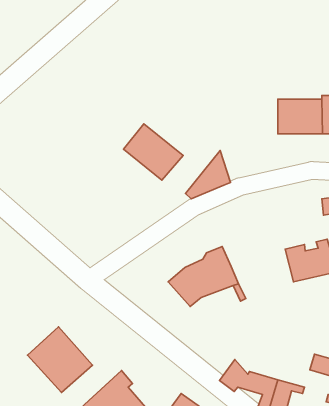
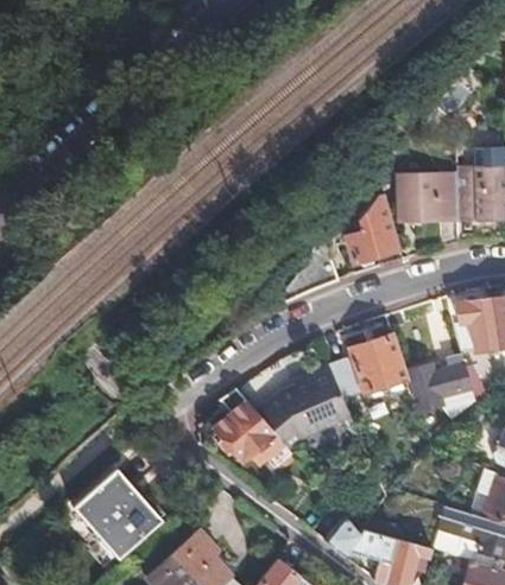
building: none -> [346,192,400,266]
building: [123,124,183,180] -> none
building: none -> [327,336,408,394]
building: none -> [214,389,293,466]

